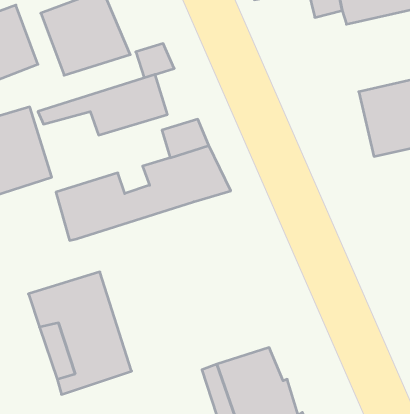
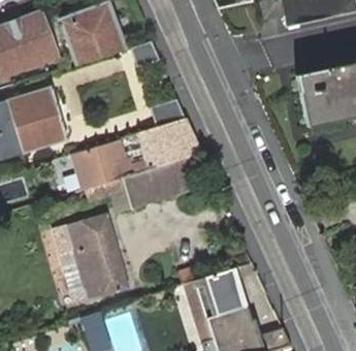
building: [38,74,167,135] -> [87,159,184,204]

